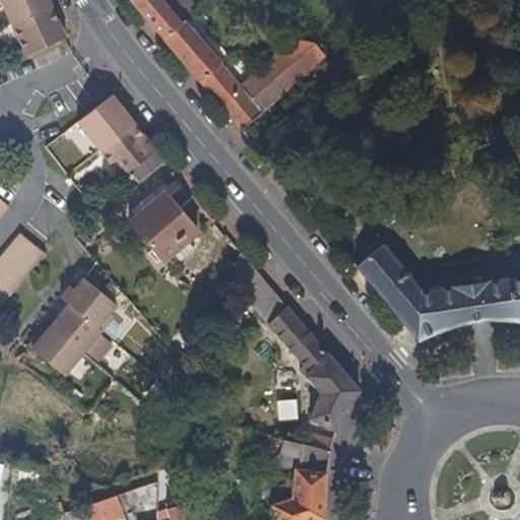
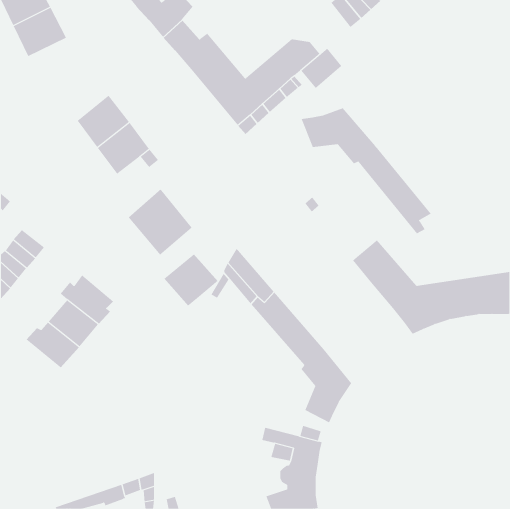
building: none -> [301,107,432,234]
building: none -> [164,253,218,306]

